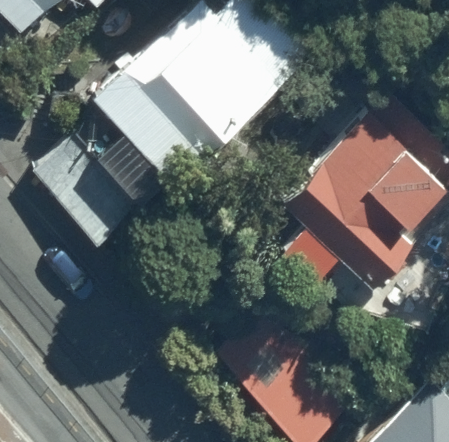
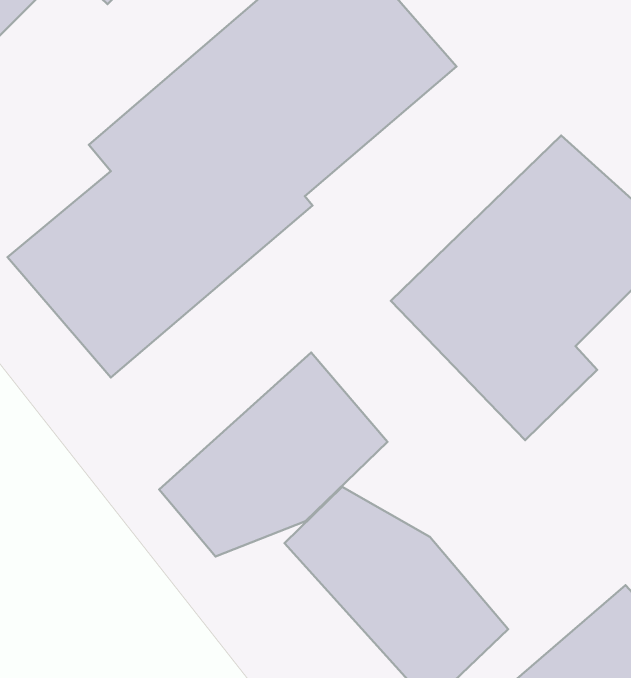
building: none -> [159,353,388,556]

